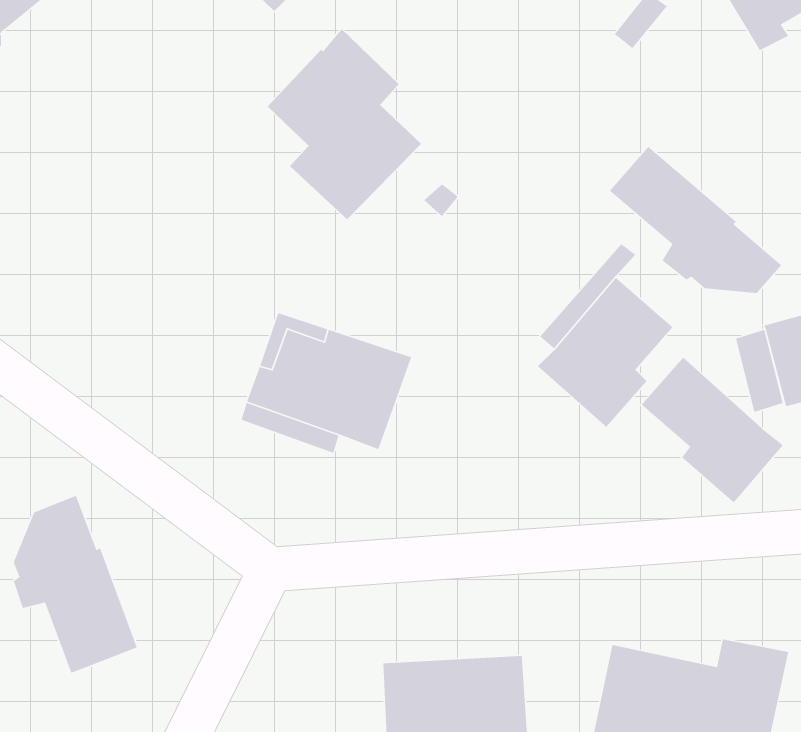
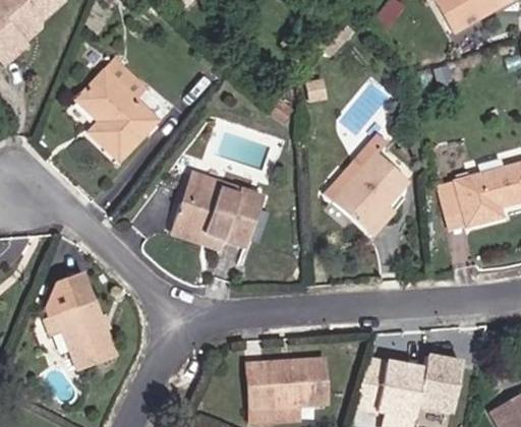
building: [267,28,422,220] -> [74,57,159,162]
building: [609,146,782,294] -> none
building: [641,357,784,504] -> none

